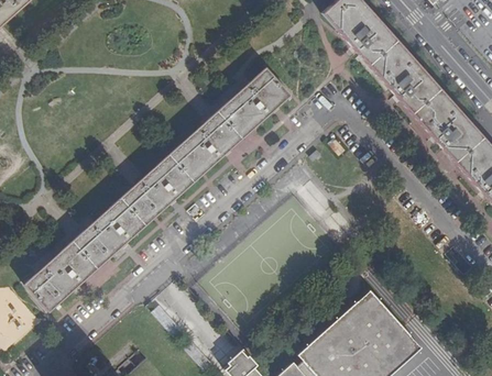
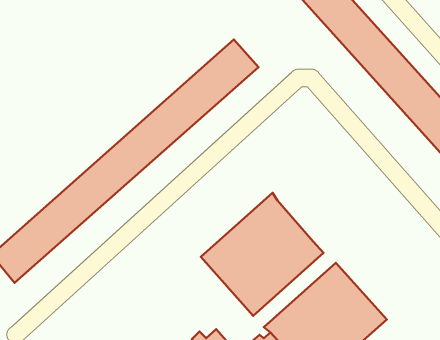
building: none -> [201,193,323,316]

